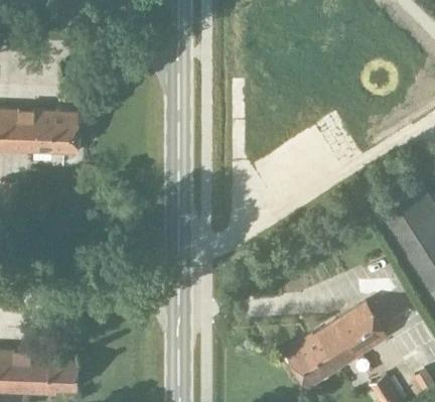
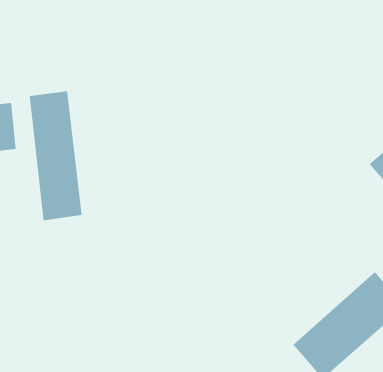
building: none -> [29,91,82,221]

